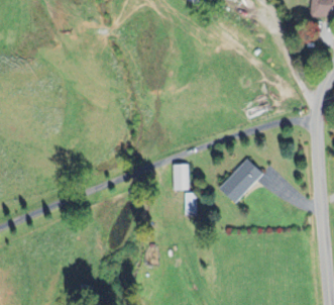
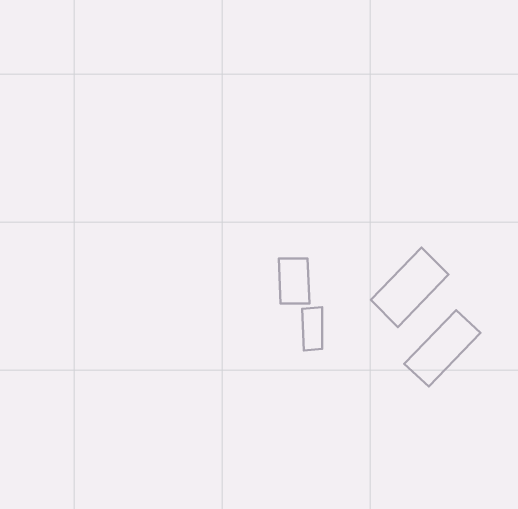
building: none -> [404,310,481,387]

